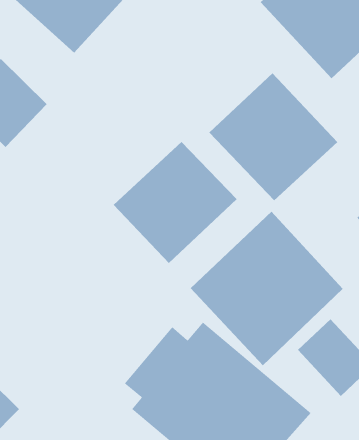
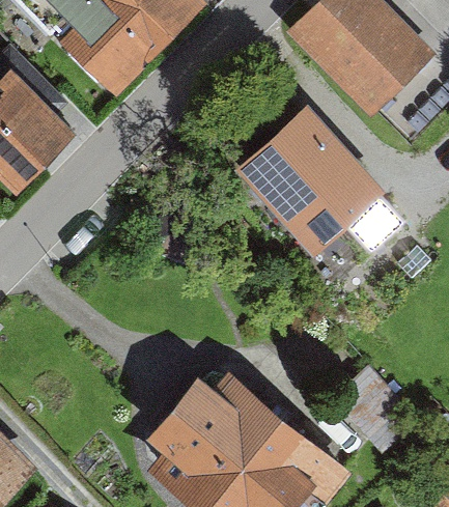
building: [113,141,237,264] -> none
building: [190,211,344,366] -> none

